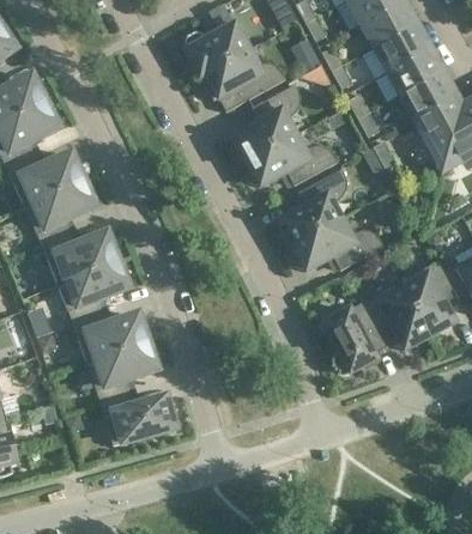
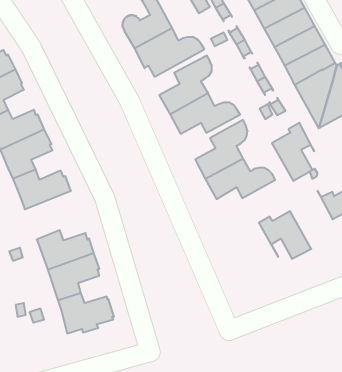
building: [58,260,126,323] -> none
building: [403,260,458,335] -> [272,123,314,181]
building: [323,302,387,374] -> none

